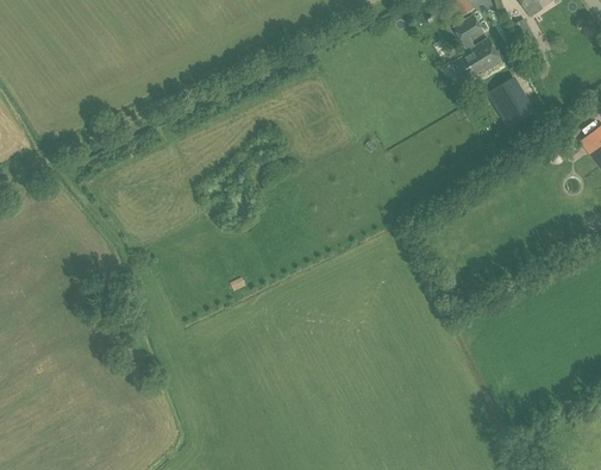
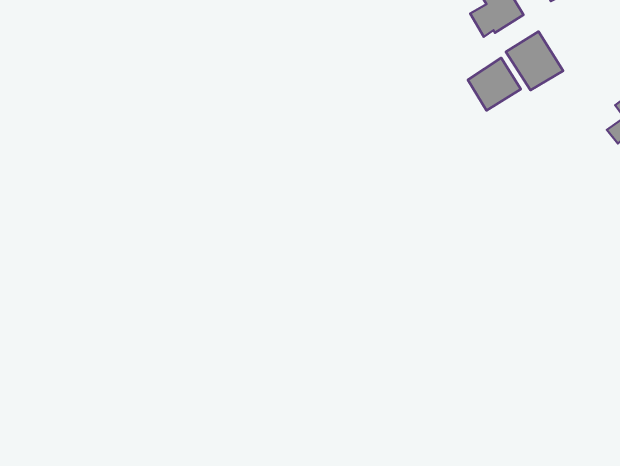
building: none -> [468,58,521,111]

